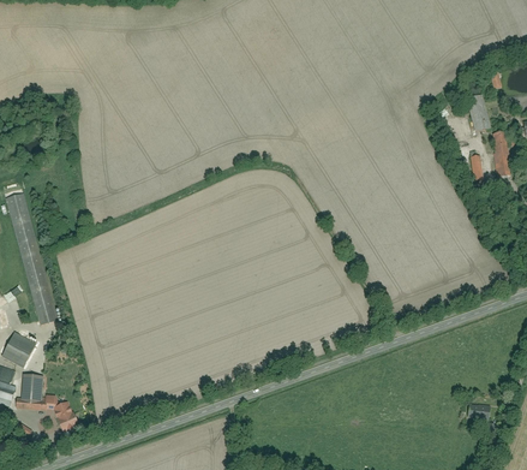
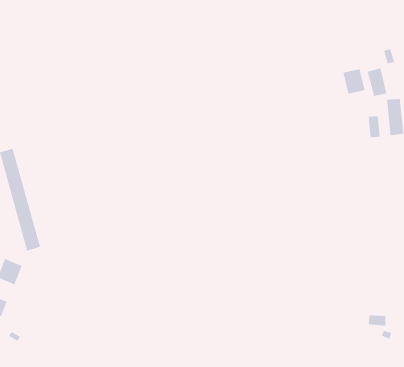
building: none -> [343,68,365,94]
building: [22,371,79,432] -> none

